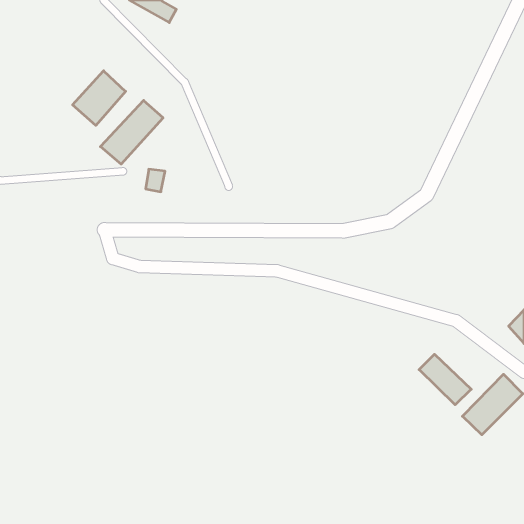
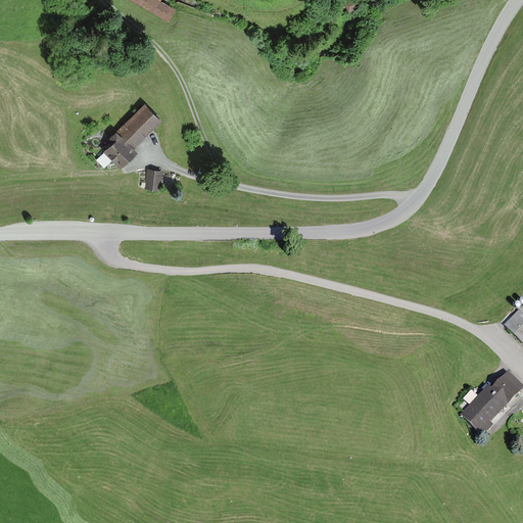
building: [73,71,126,125] -> none
building: [419,354,471,405] -> none

